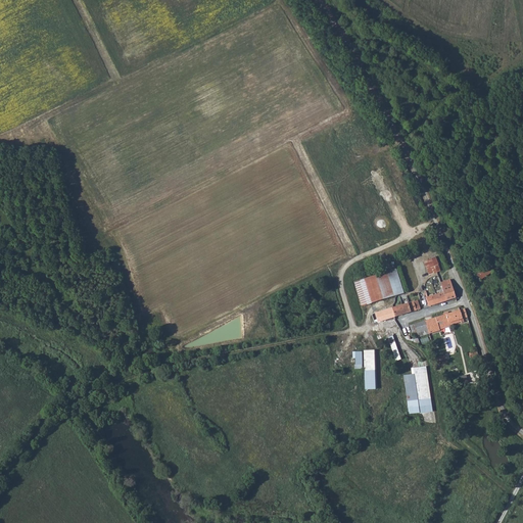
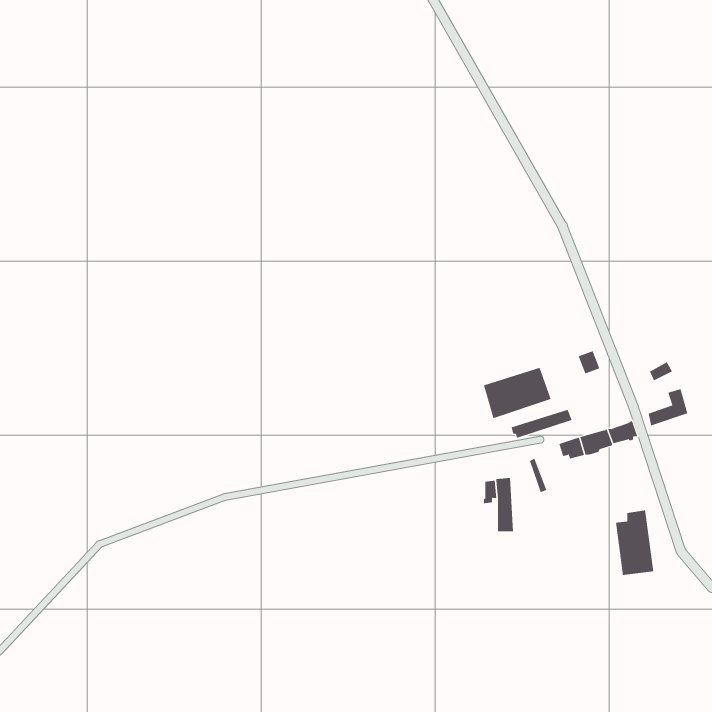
building: [425,279,455,306] -> [648,388,688,426]
building: [402,366,431,414] -> [615,510,654,576]

